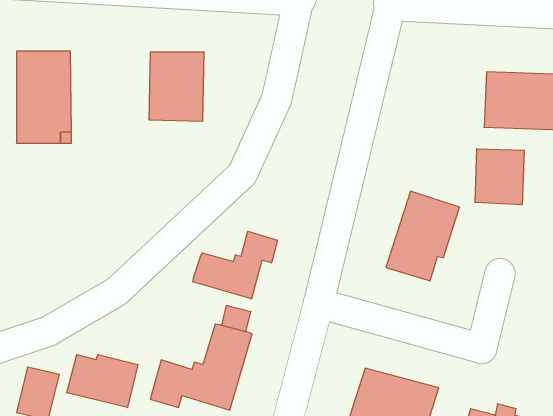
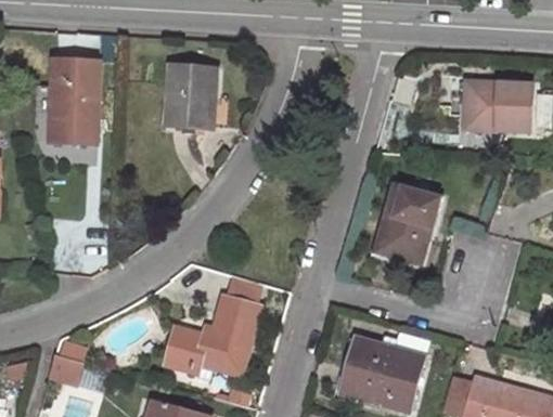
building: [475,149,524,205] -> none
building: [193,231,278,299] -> none
building: [67,354,138,408] -> none

